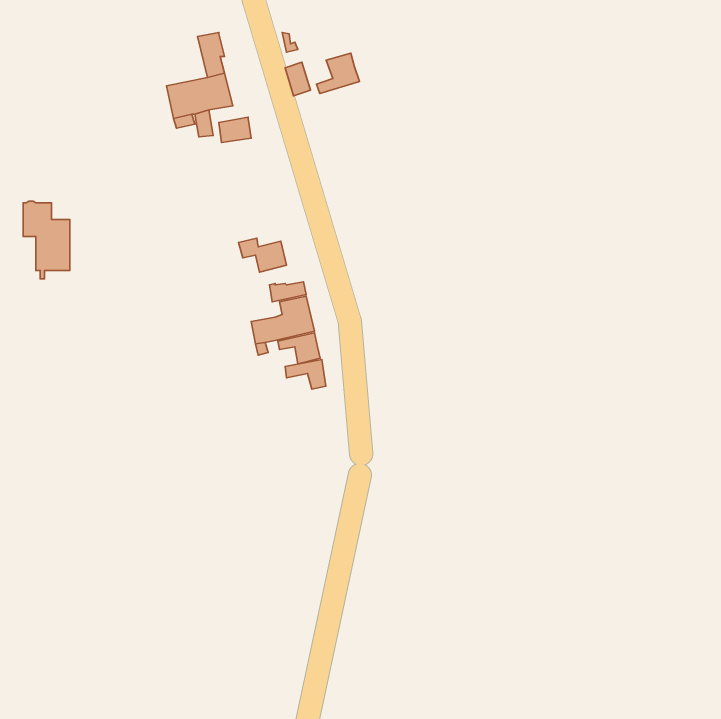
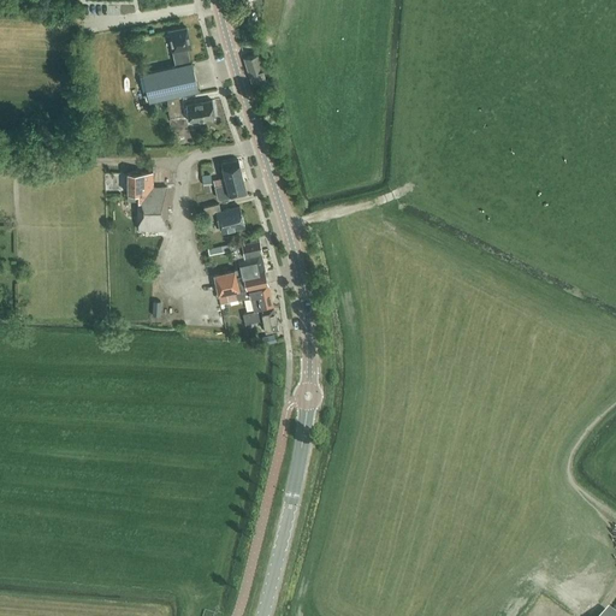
building: [316,53,359,93] -> none
building: none -> [213,161,247,201]
building: [23,201,70,279] -> [128,172,167,238]

